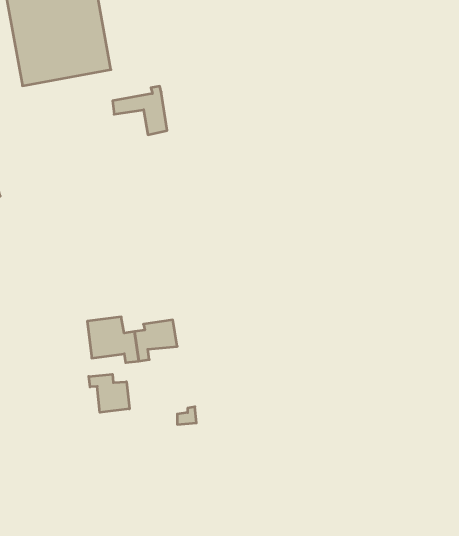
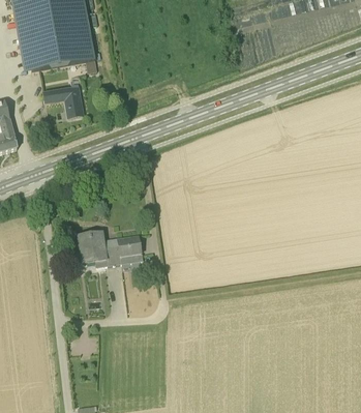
building: [113,86,167,135] -> [42,83,81,117]
building: [89,374,129,412] -> none

